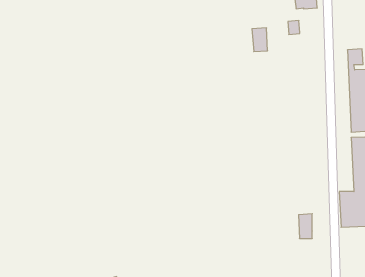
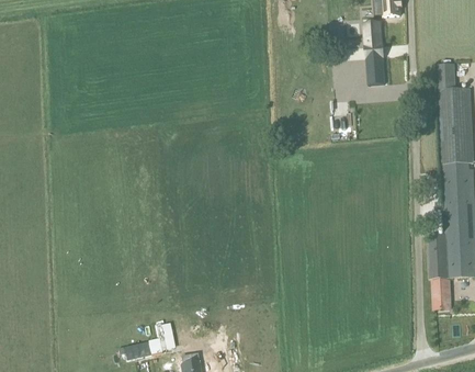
building: [252,28,268,52] -> [366,55,385,83]
building: [299,214,312,238] -> [433,278,450,307]

